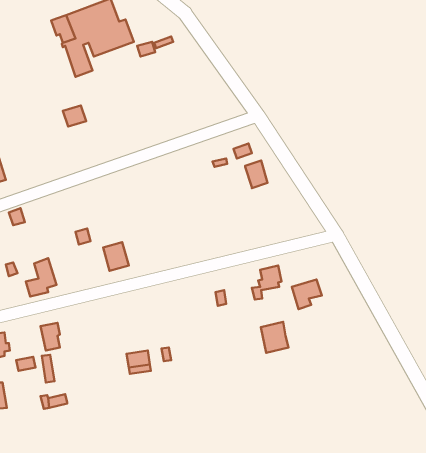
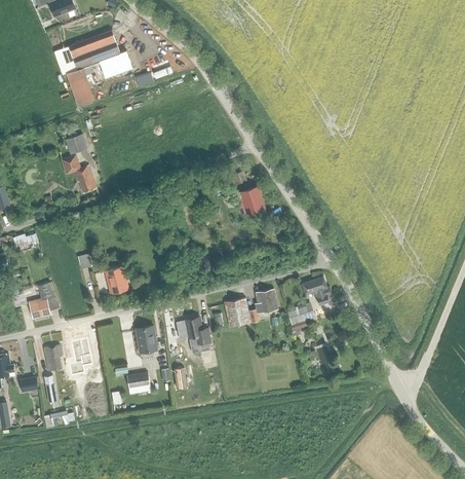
building: none -> [62,155,95,192]
building: none -> [301,277,332,305]
building: none -> [185,317,209,343]
building: none -> [134,326,157,353]
building: [261,322,289,353] -> [224,297,250,327]

